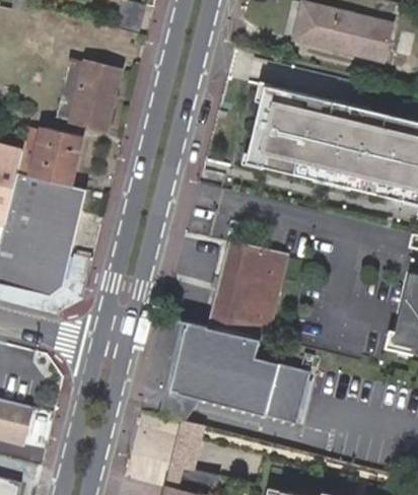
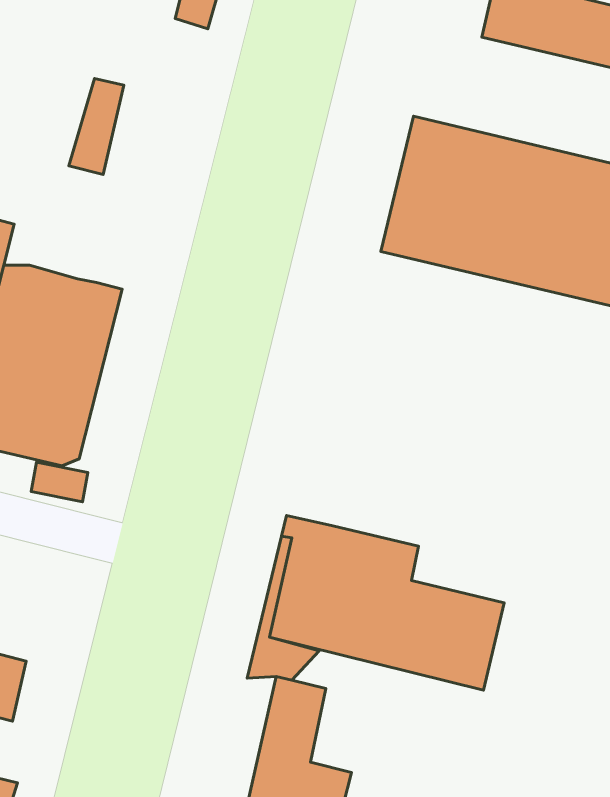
building: [71,56,122,128] -> none
building: [32,124,84,184] -> none
building: [212,244,289,342] -> none

